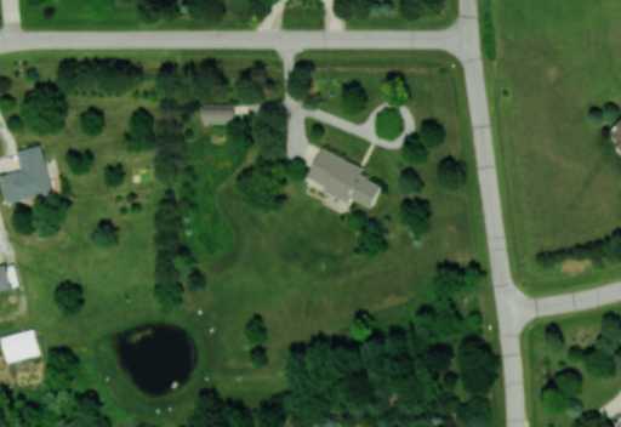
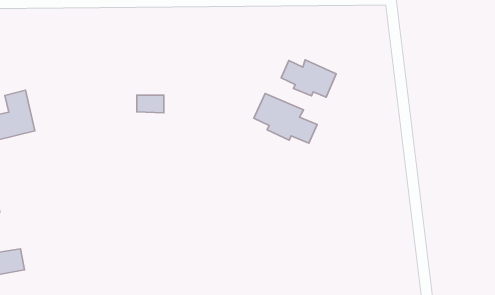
building: [201,104,233,125] -> [137,95,164,113]
building: none -> [281,60,336,97]

